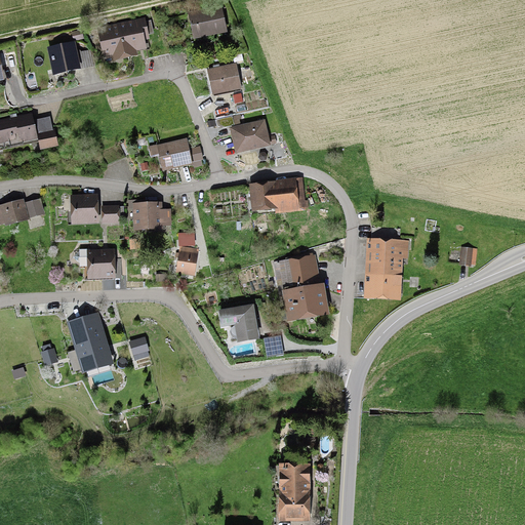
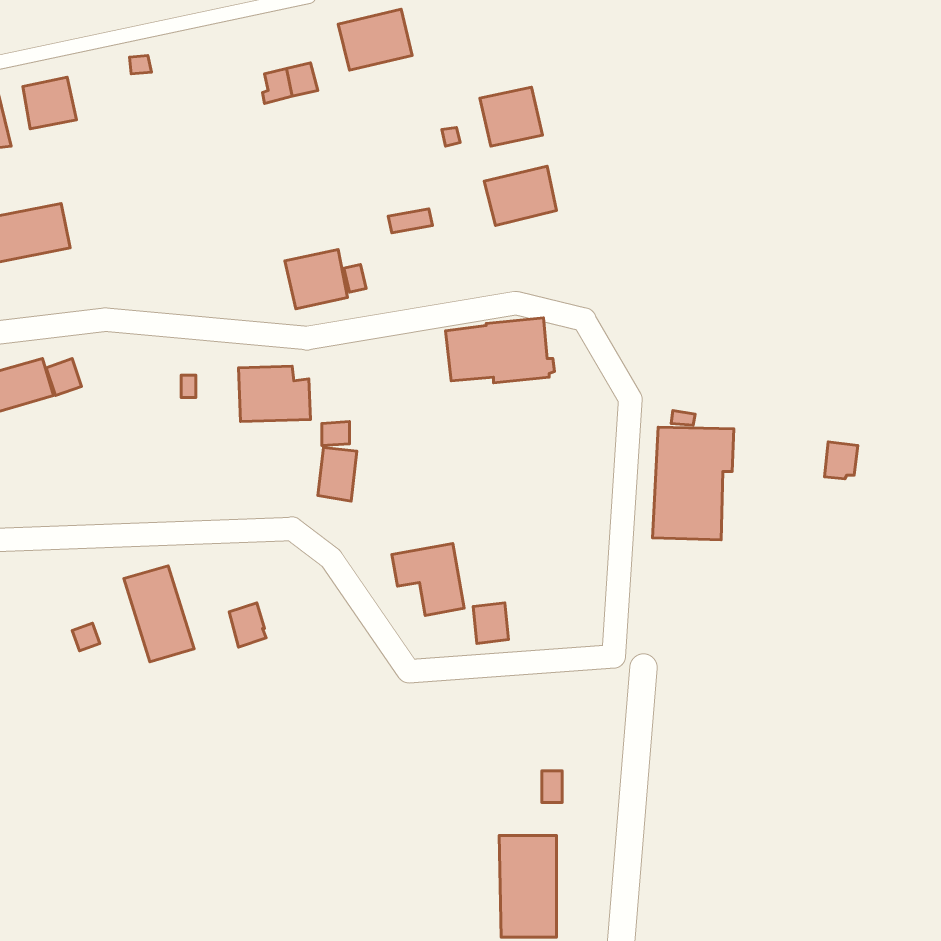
building: [98,17,149,57] -> none
building: [49,44,79,73] -> [23,77,77,129]
building: [207,64,242,96] -> [480,87,543,146]
building: [36,116,59,149] -> none
building: [230,121,270,154] -> [484,166,556,225]
building: [69,195,94,219] -> none
building: [86,250,117,281] -> none
building: [272,251,328,322] -> none

